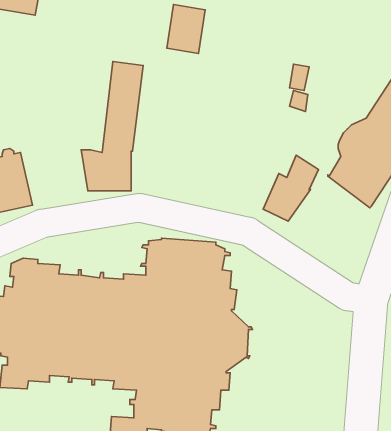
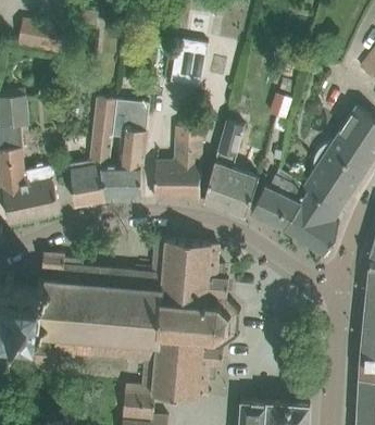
building: none -> [67,97,115,203]
building: none -> [203,120,258,215]
building: none -> [153,125,200,199]
building: none -> [271,180,339,254]

